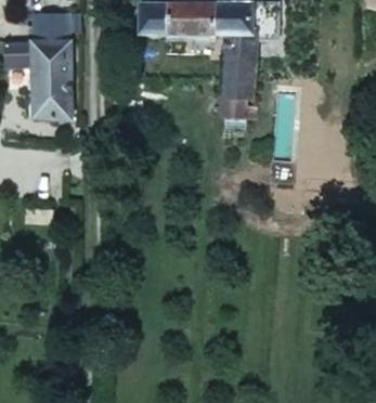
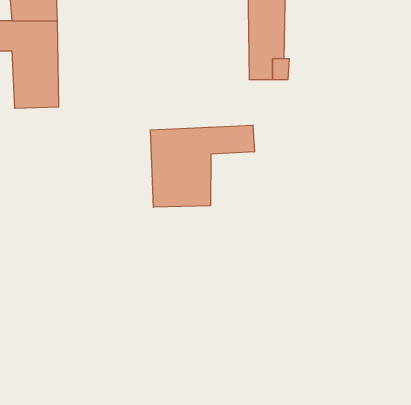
building: none -> [150,125,254,207]

